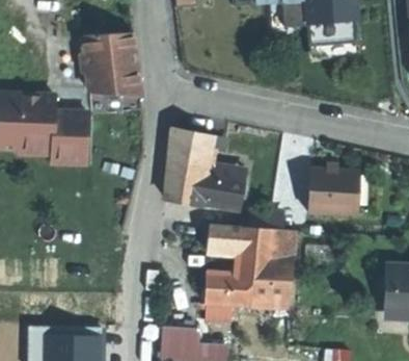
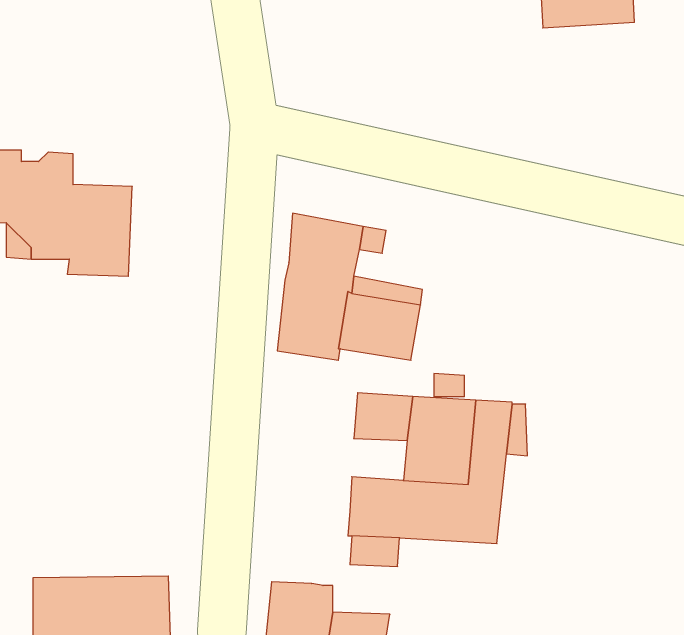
building: [84,33,140,96] -> none
building: [309,170,352,215] -> none

